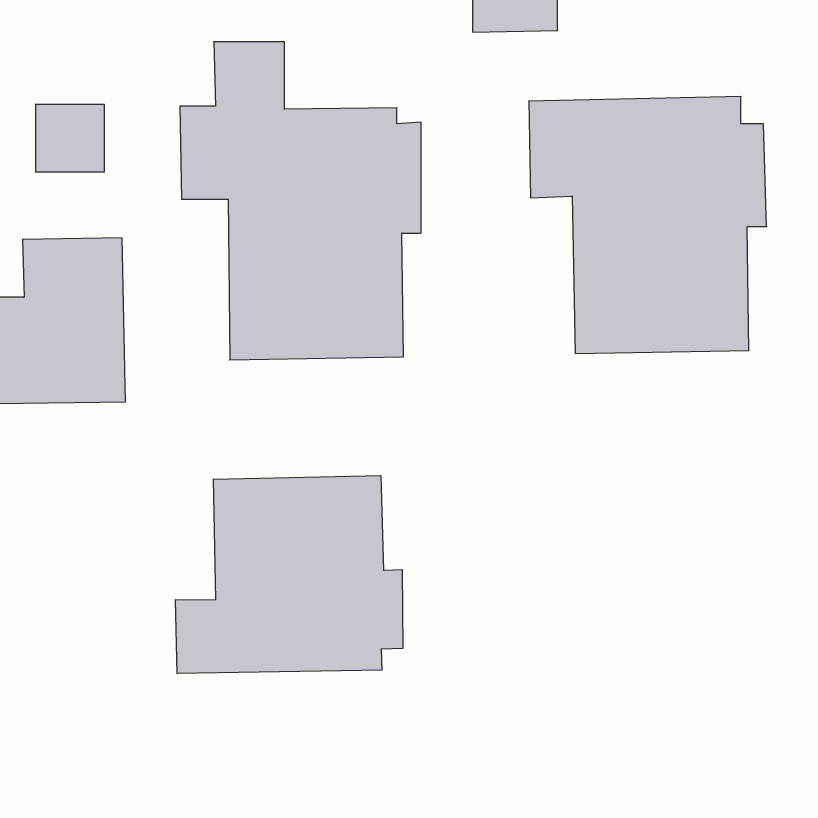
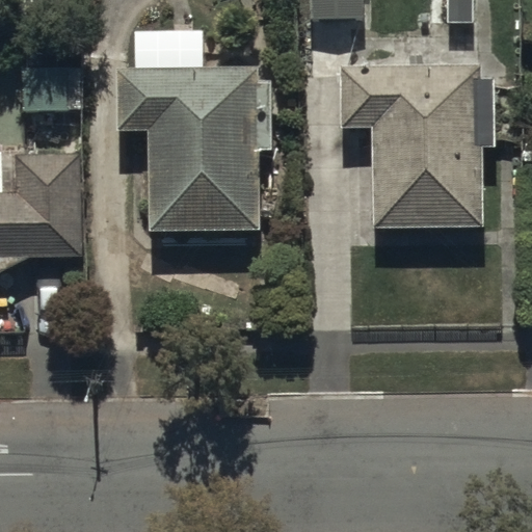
building: [175,476,403,674] -> none

